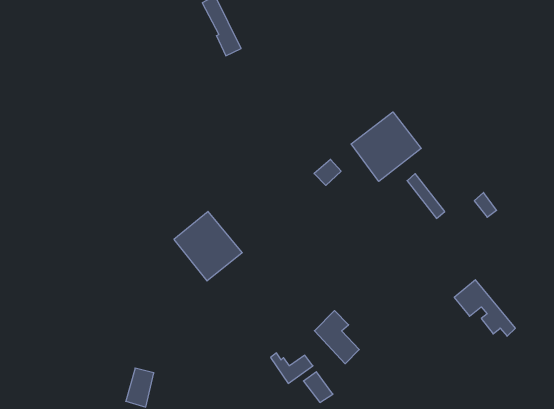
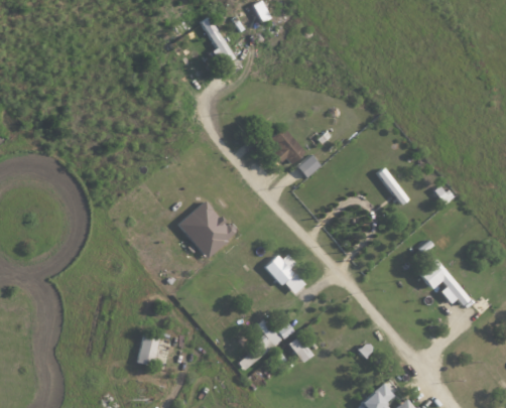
building: [351,112,421,181] -> none
building: none -> [268,126,306,164]
building: [314,311,359,364] -> [266,251,304,296]

